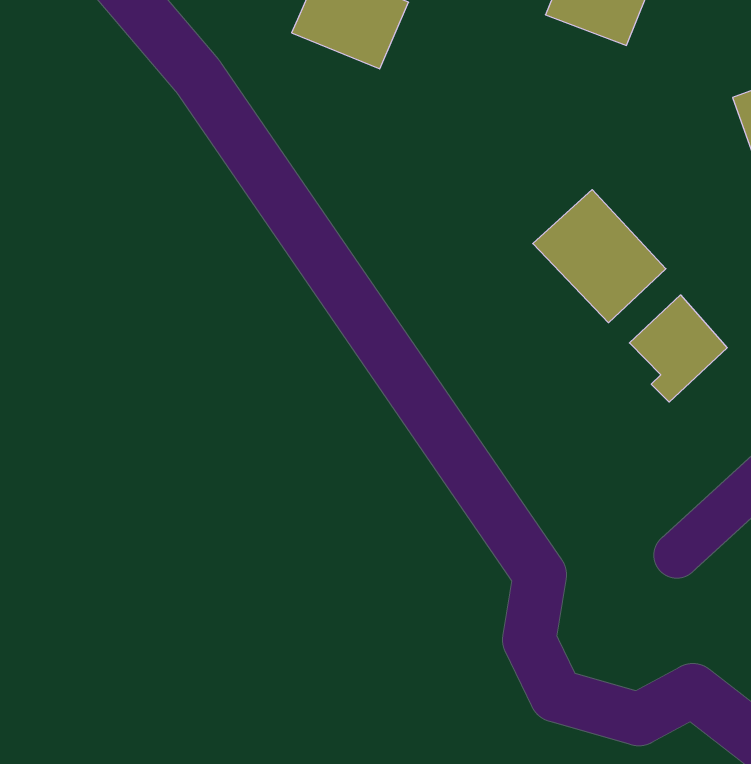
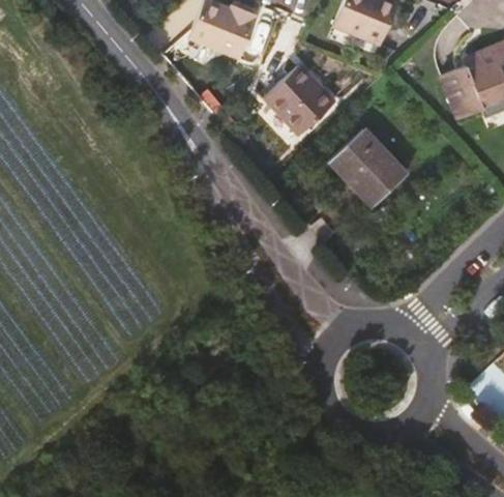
building: none -> [266,65,335,136]
building: [629,295,727,402] -> none

